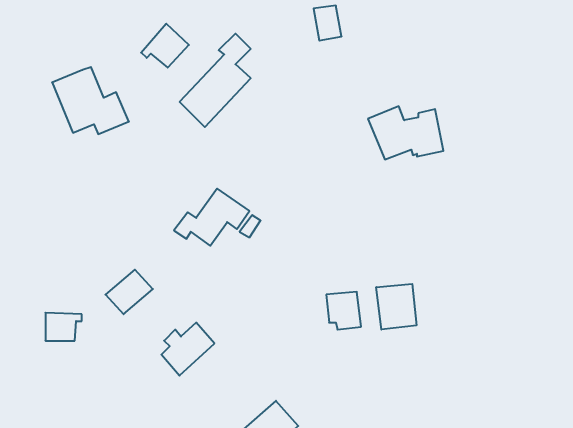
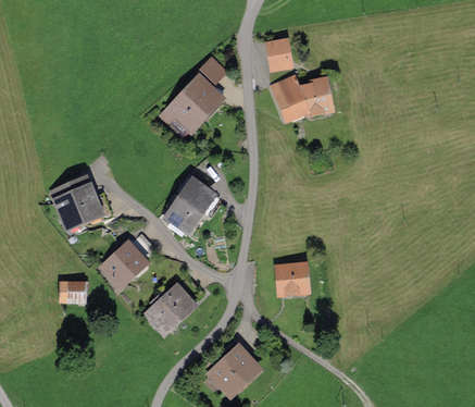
building: [141,24,189,68] -> none
building: [52,67,129,134] -> [52,174,112,226]
building: [368,106,443,159] -> [272,76,330,118]
building: [376,284,416,330] -> none

